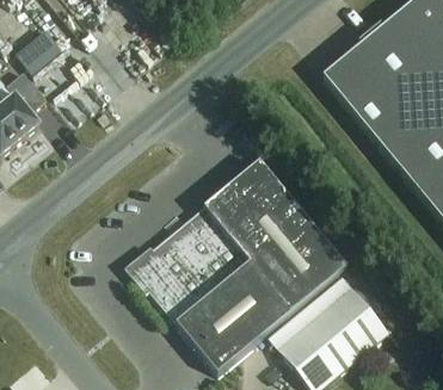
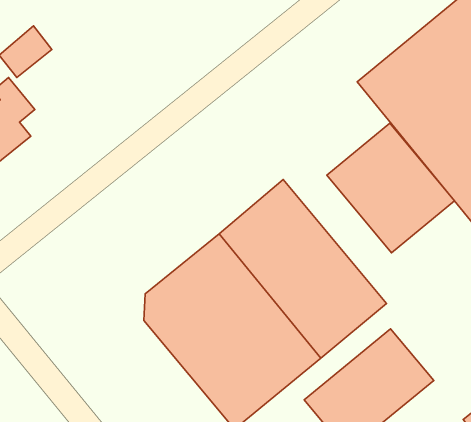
building: none -> [327,123,455,253]

